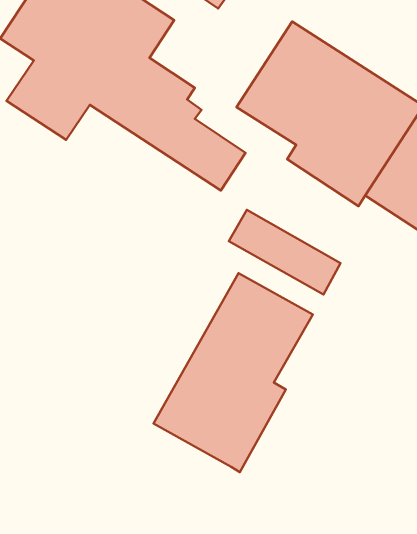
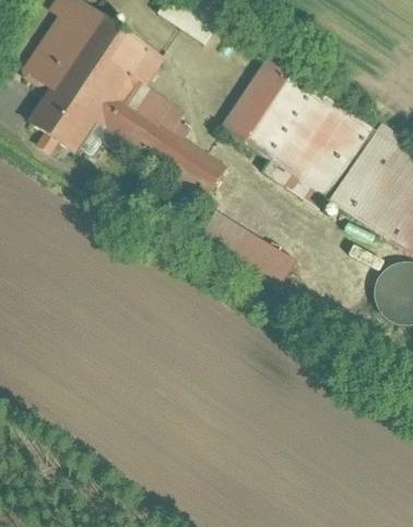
building: [153,273,313,472] -> none

